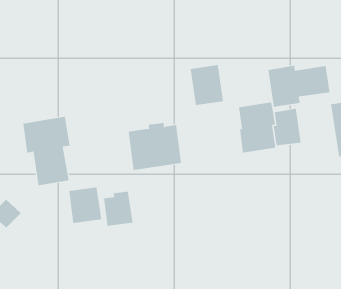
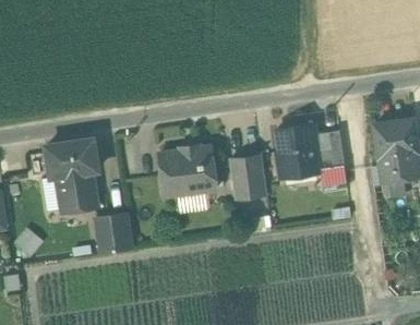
building: [190,65,224,105] -> [230,155,266,198]
building: [268,65,330,107] -> none
building: [104,191,133,227] -> none

